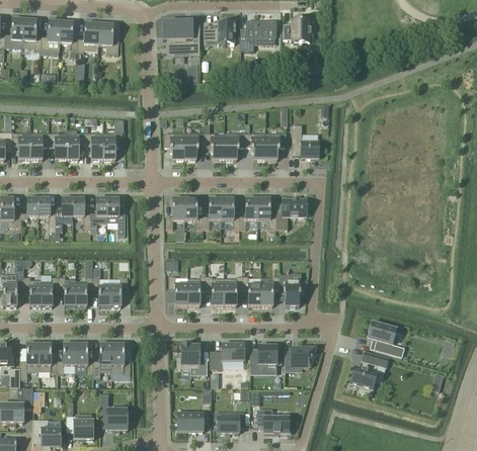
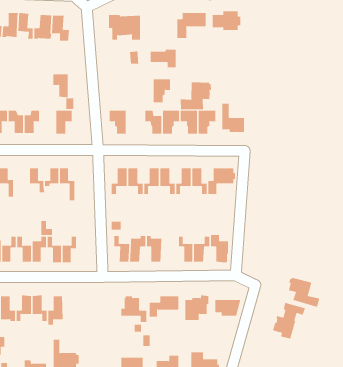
building: [204,22,234,44] -> [150,49,176,69]
building: none -> [180,81,212,110]
building: [84,132,102,160] -> [52,74,68,98]
building: [183,132,204,160] -> [153,79,171,103]
building: [54,198,72,232] -> none
building: [223,275,242,305] -> none
building: [110,344,130,373] -> none

